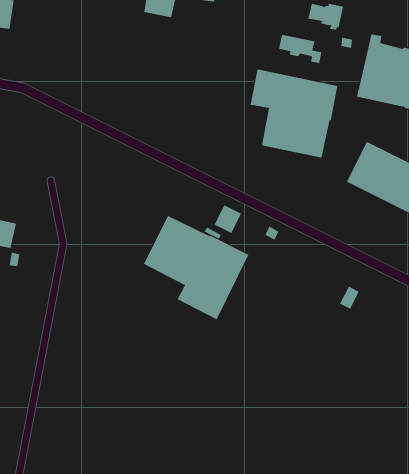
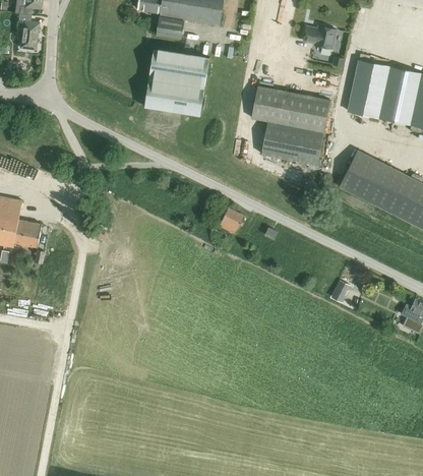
building: none -> [145,49,210,116]
building: [279,34,322,64] -> none
building: [143,215,249,320] -> none

